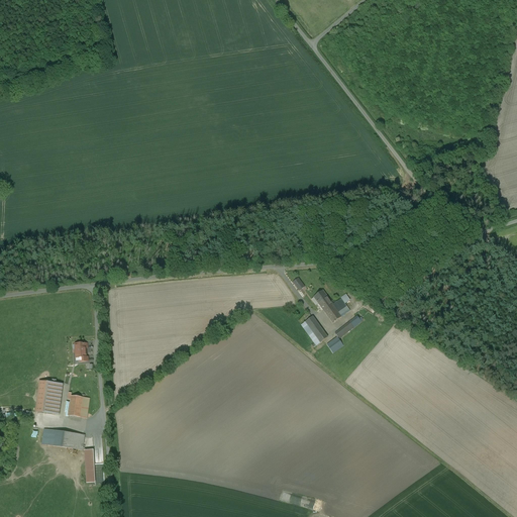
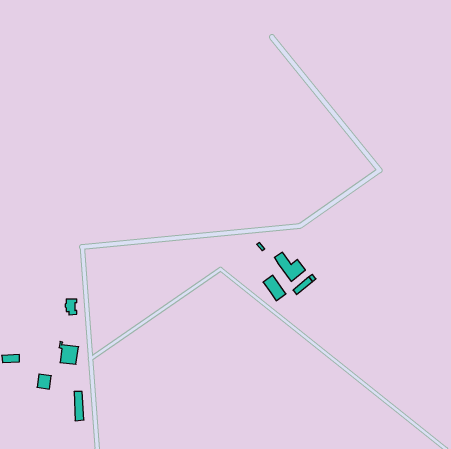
building: [35,380,61,413] -> none
building: [57,430,85,449] -> none

